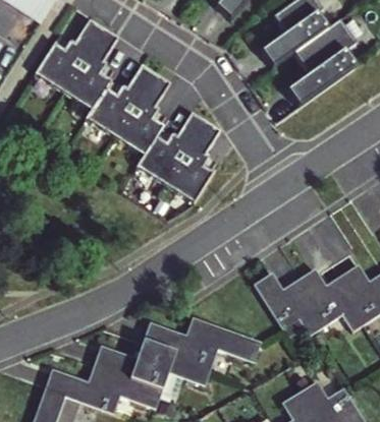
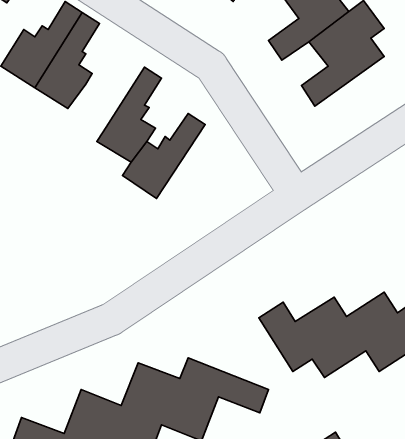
building: [87,66,156,137] -> none
building: [166,123,221,204] -> none

